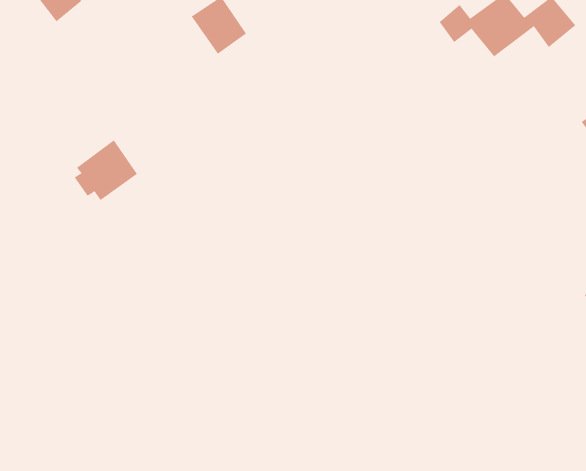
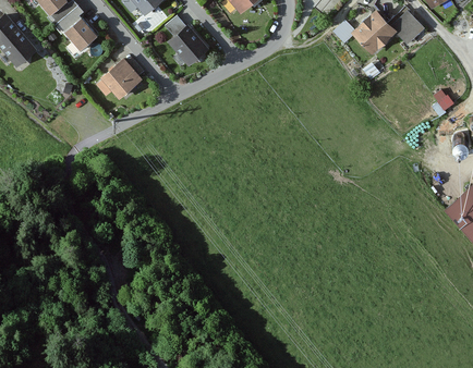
building: [74,140,138,201] -> [99,58,142,99]

